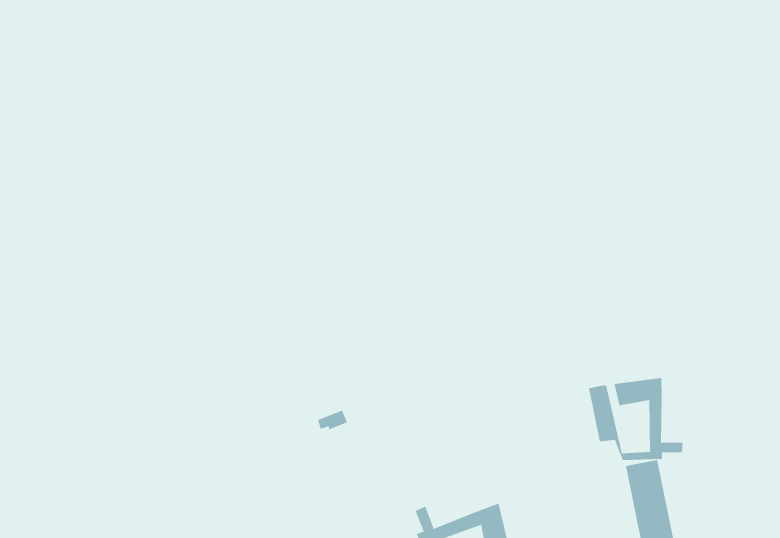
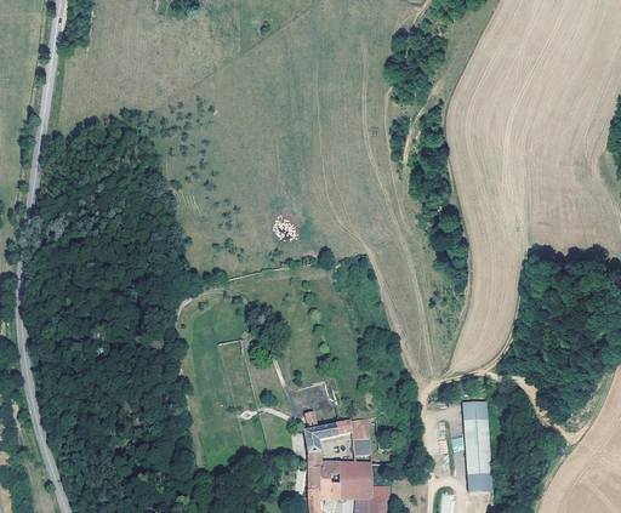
building: [588,377,683,461] -> none

